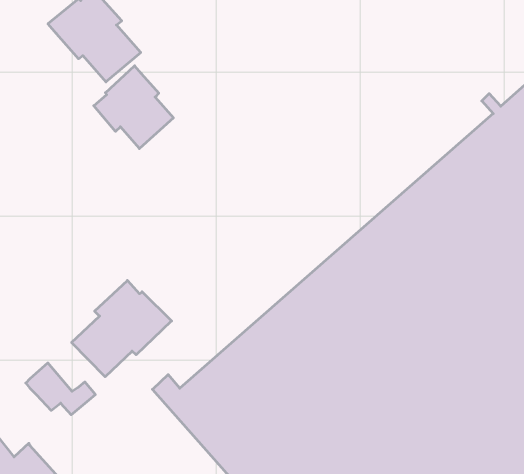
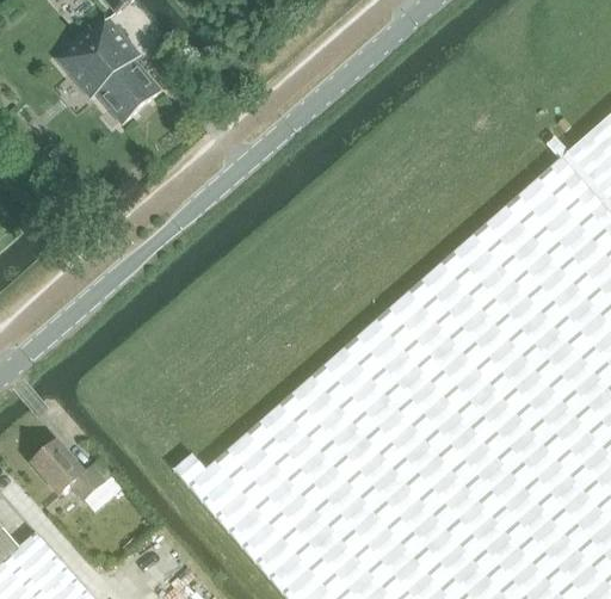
building: [94,66,173,149] -> none
building: [72,280,172,377] -> none

